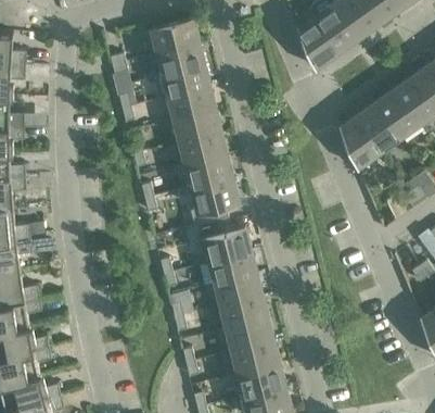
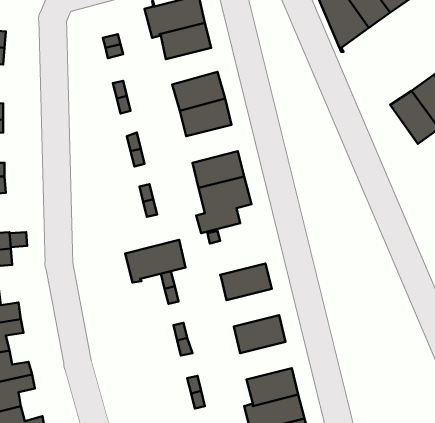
building: [164,66,208,98] -> none
building: [338,115,381,170] -> none
building: [181,133,226,165] -> none
building: [197,228,250,265] -> [125,240,186,283]
building: [216,274,261,306] -> none
building: [228,320,272,352] -> none

